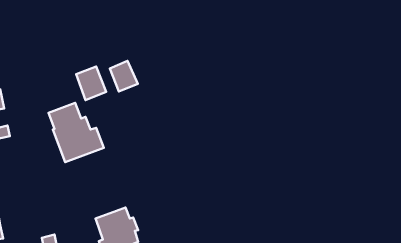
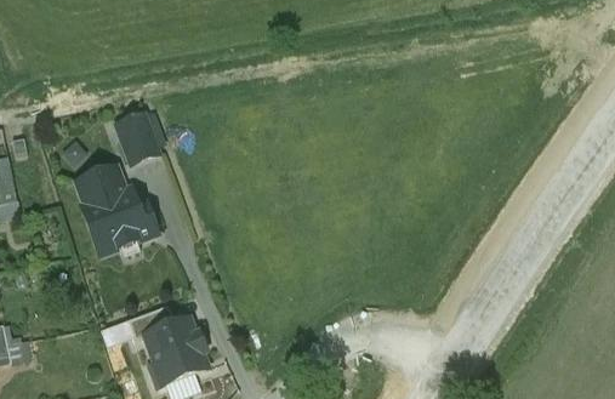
building: [110,61,138,91] -> none

